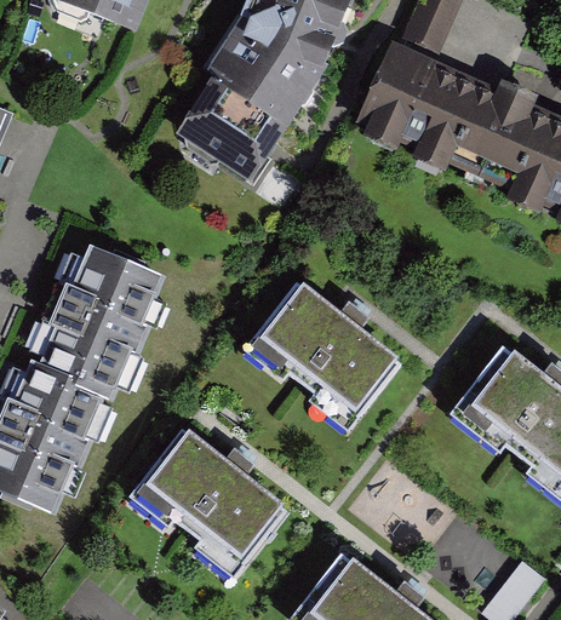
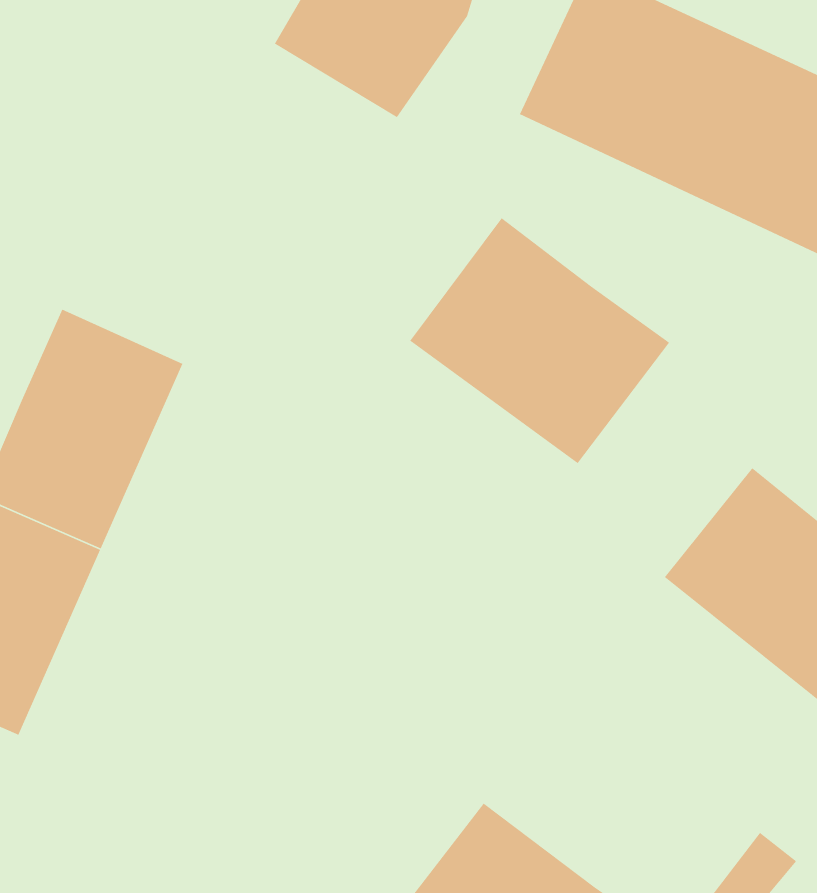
building: [182,79,290,177] -> none
building: [239,279,400,431] -> [409,217,670,464]
building: [131,429,286,576] -> none

